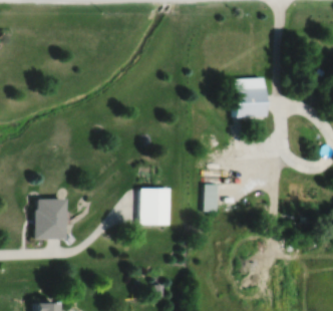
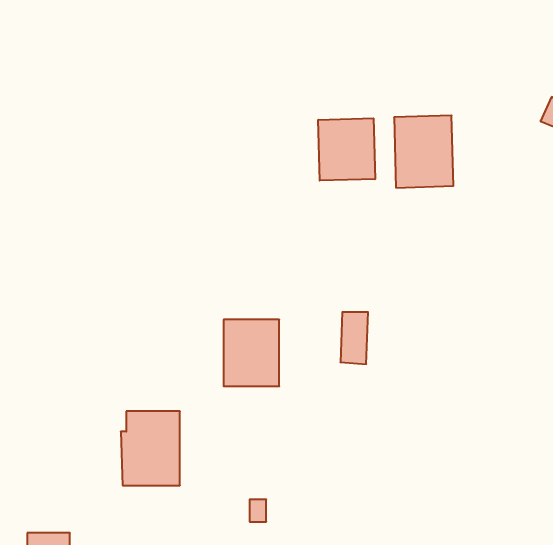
building: none -> [318,118,375,181]
building: [35,200,67,240] -> [121,411,180,485]

